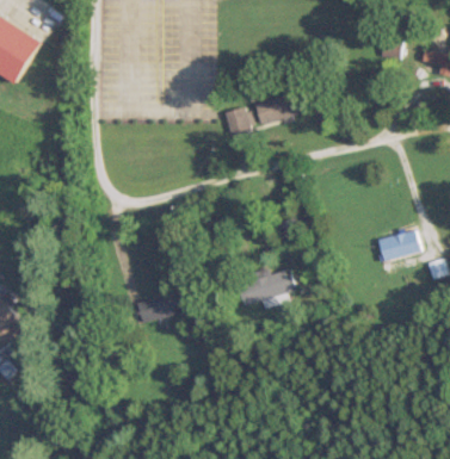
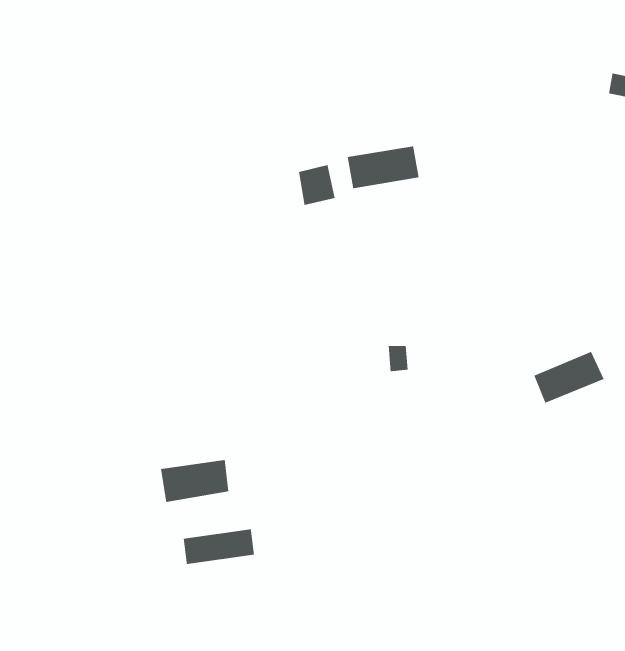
building: [235,271,292,310] -> none
building: none -> [183,528,254,565]

